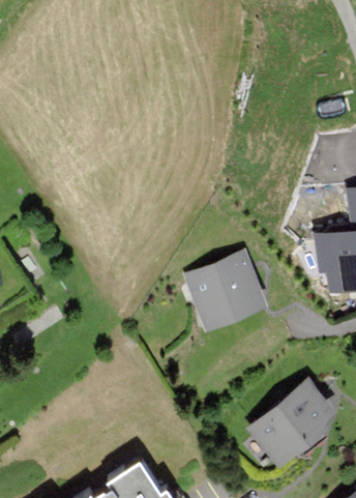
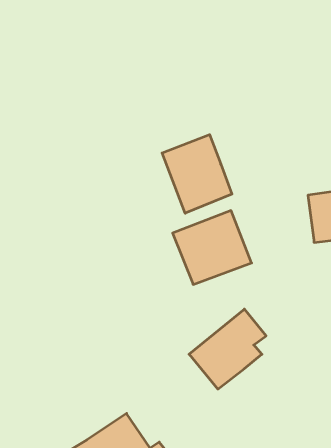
building: none -> [162,135,232,213]
building: [251,385,329,466] -> [189,309,266,389]

